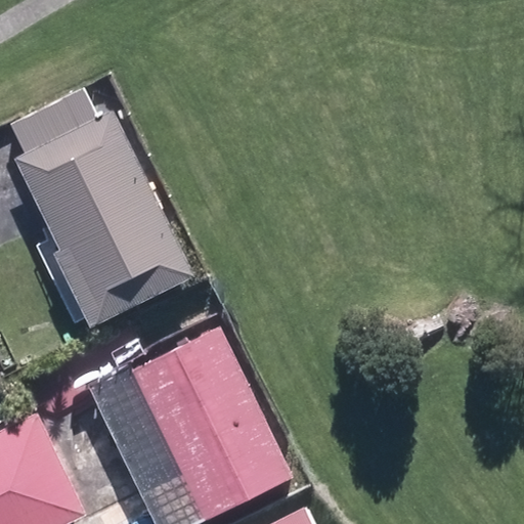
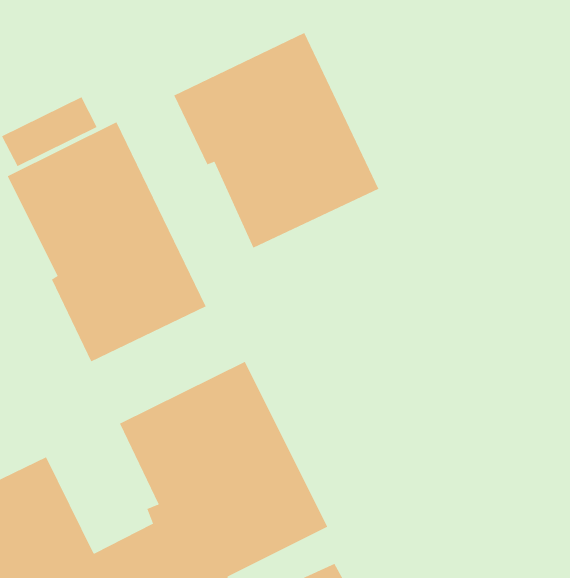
building: none -> [173,32,379,248]

